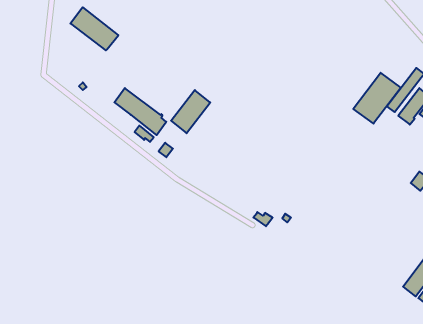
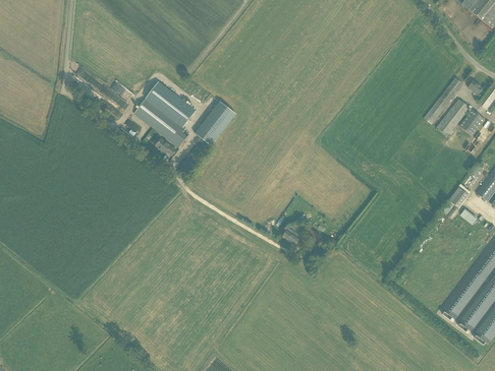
building: [70,7,118,50] -> [146,80,197,126]
building: [353,73,401,124] -> none

